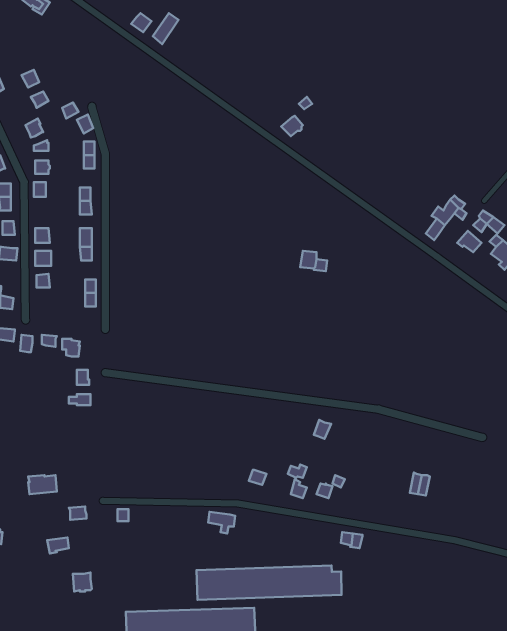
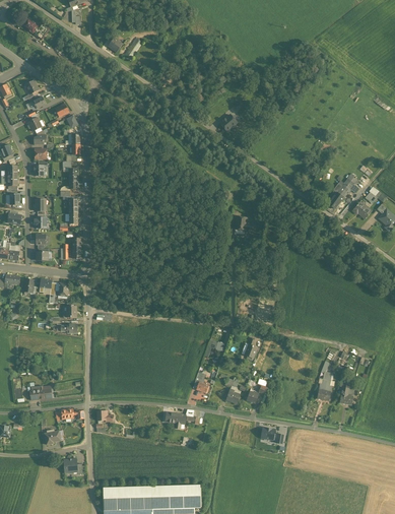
building: [196,566,341,600] -> none

